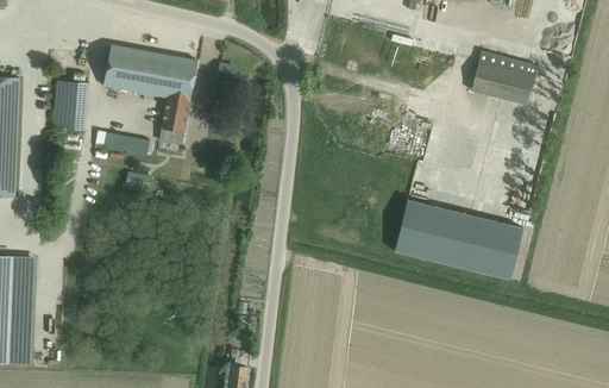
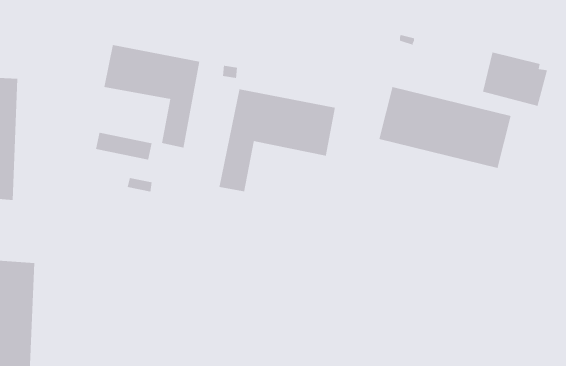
building: [52,81,88,131] -> none
building: none -> [219,89,335,192]
building: [393,200,522,280] -> [378,87,512,168]

